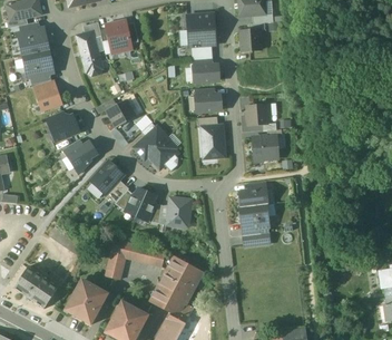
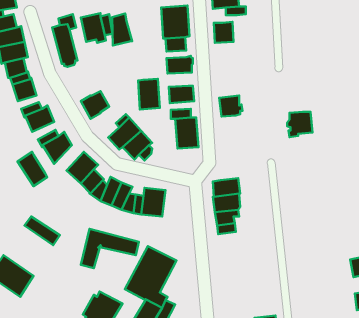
building: none -> [112,13,132,45]
building: none -> [138,79,160,110]
building: [252,136,277,162] -> [287,112,313,137]
building: none -> [17,152,47,186]
building: [68,280,108,323] -> none

